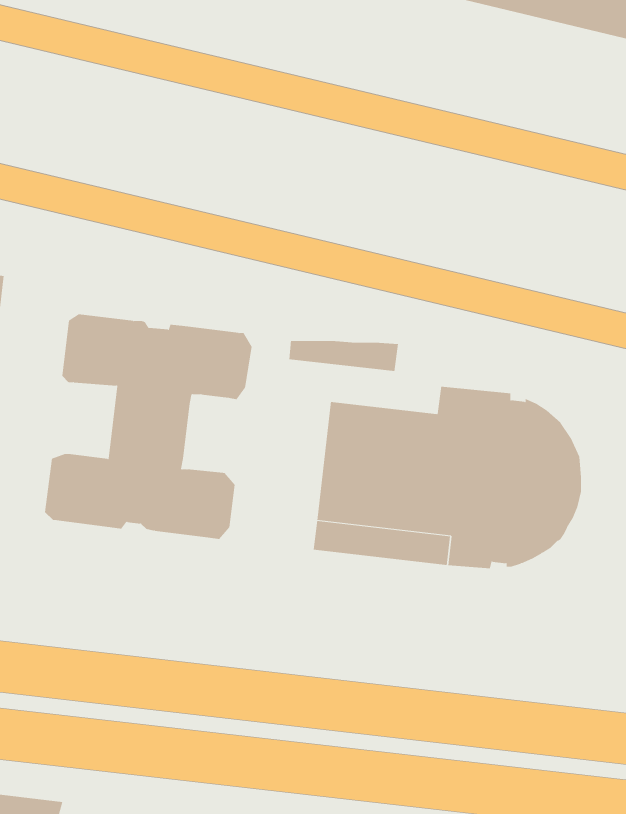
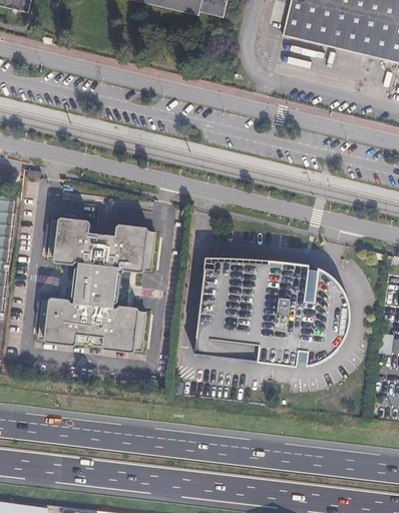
building: [288,340,399,371] -> [204,258,268,276]

